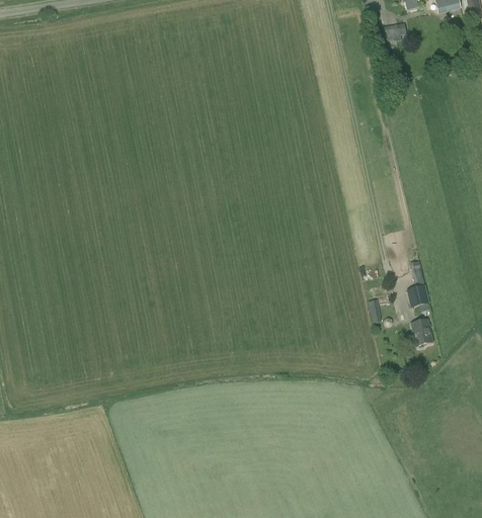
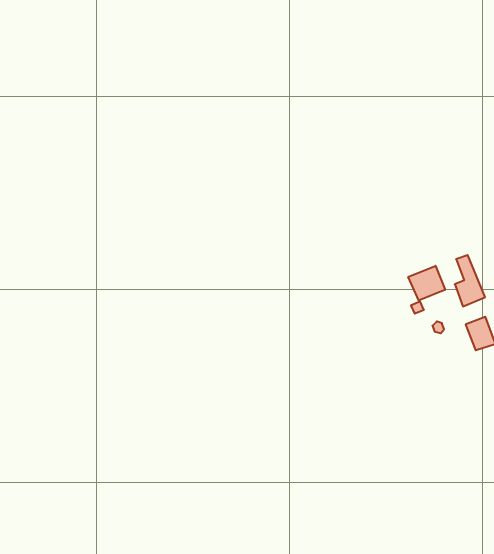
building: none -> [408,266,445,300]

